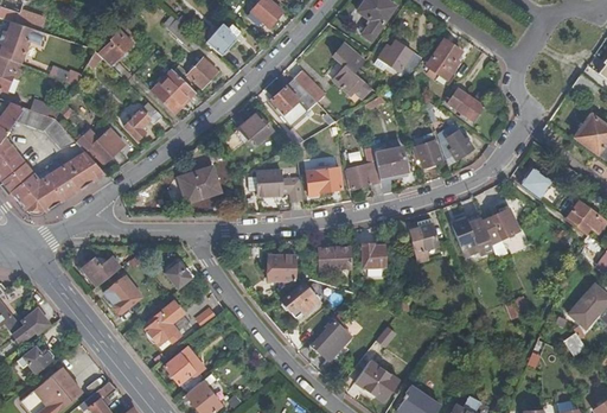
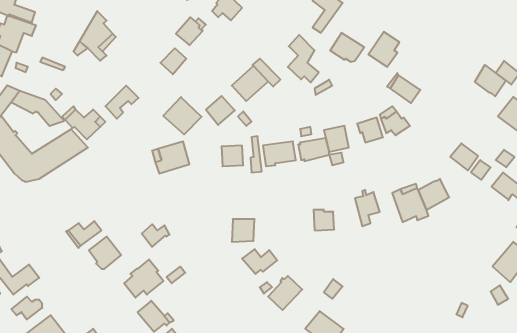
building: [151,69,194,112] -> [163,97,202,134]
building: none -> [475,65,506,96]
building: [319,246,352,268] -> none

